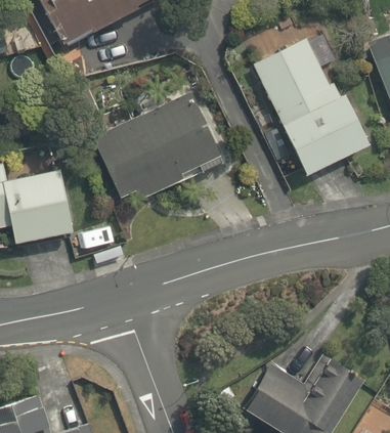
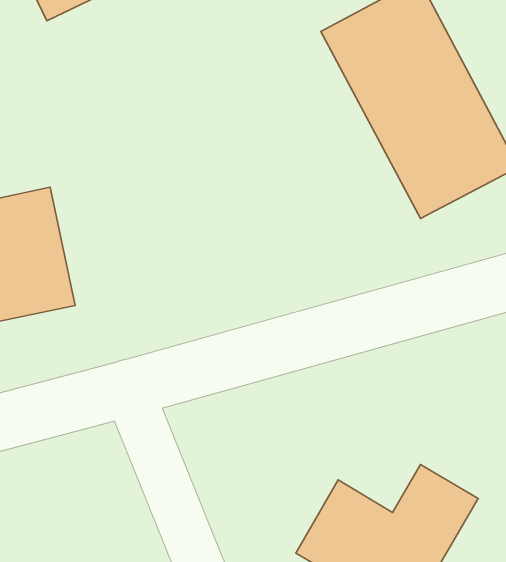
building: [101,97,233,211] -> none

